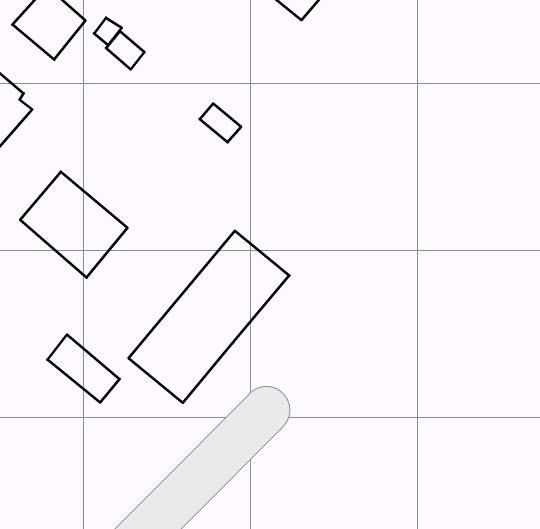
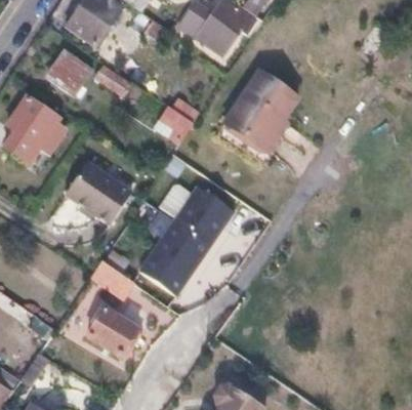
building: none -> [222,71,294,152]
building: none -> [86,310,135,355]

